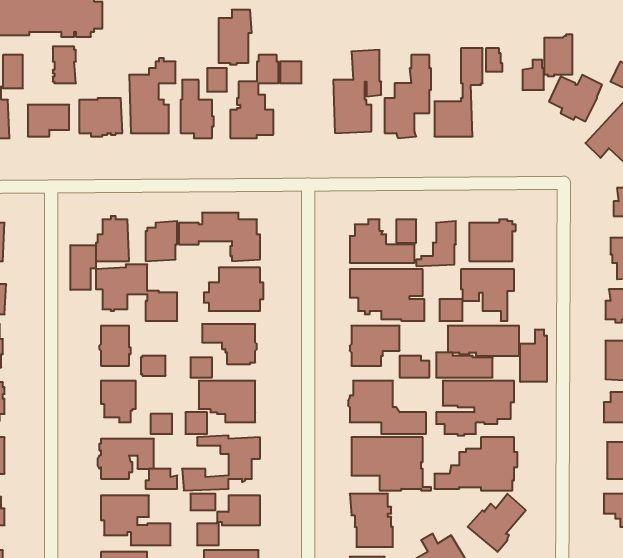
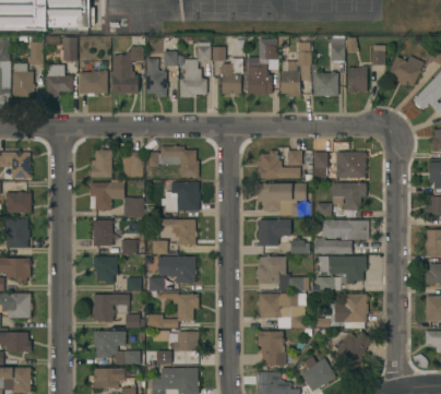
building: [219,10,252,65] -> [222,59,243,95]
building: [544,35,572,76] -> [348,65,367,93]
building: [70,245,96,290] -> none
building: [520,329,547,382] -> none

